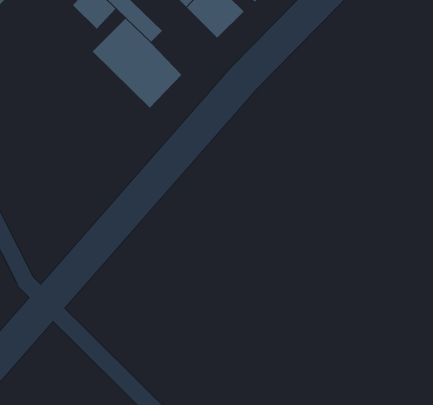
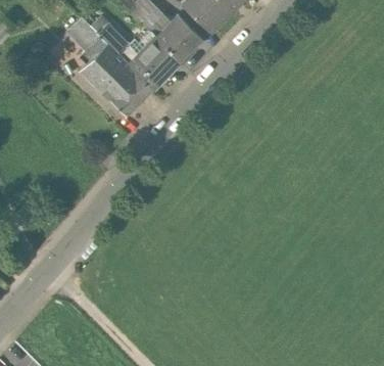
building: none -> [129,37,181,90]

